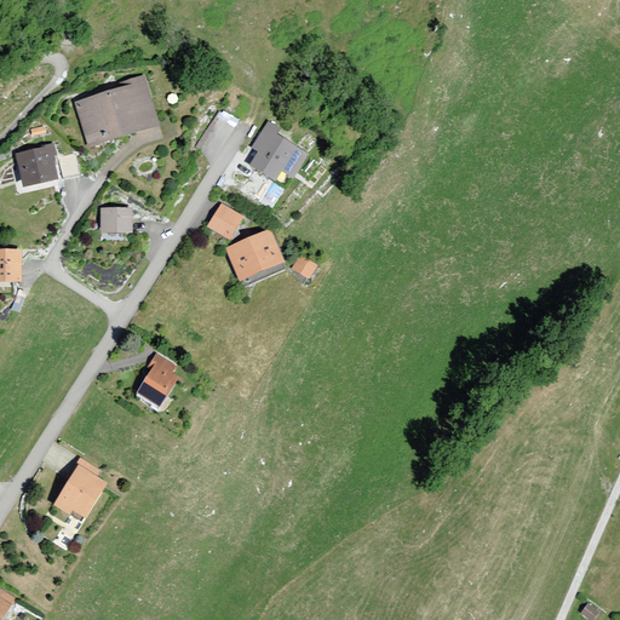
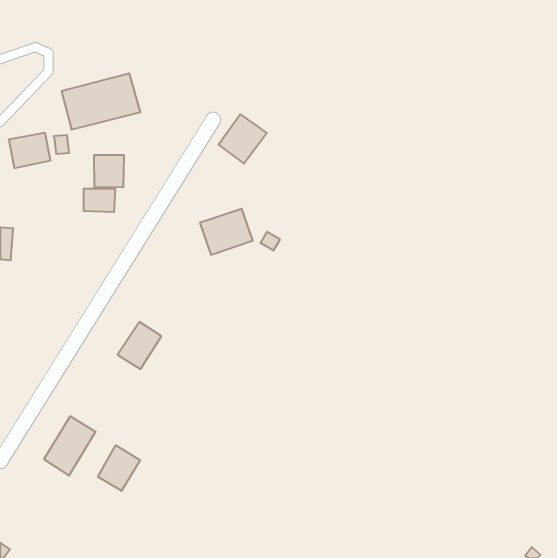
building: none -> [94,155,124,187]
building: [203,202,242,241] -> none
building: none -> [98,445,140,491]

